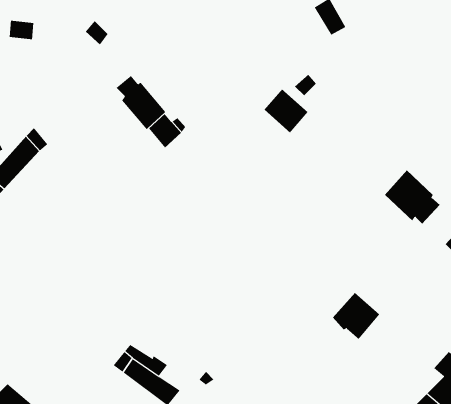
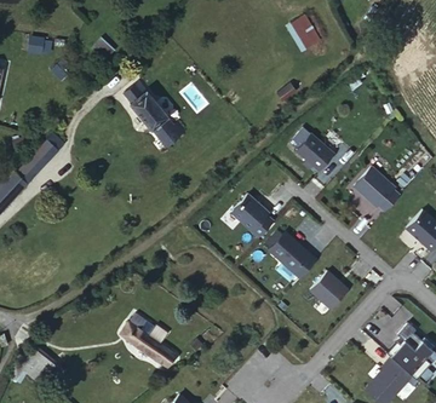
building: [263,88,308,133] -> [297,133,335,172]
building: none -> [231,194,276,240]
building: none -> [269,230,319,281]

